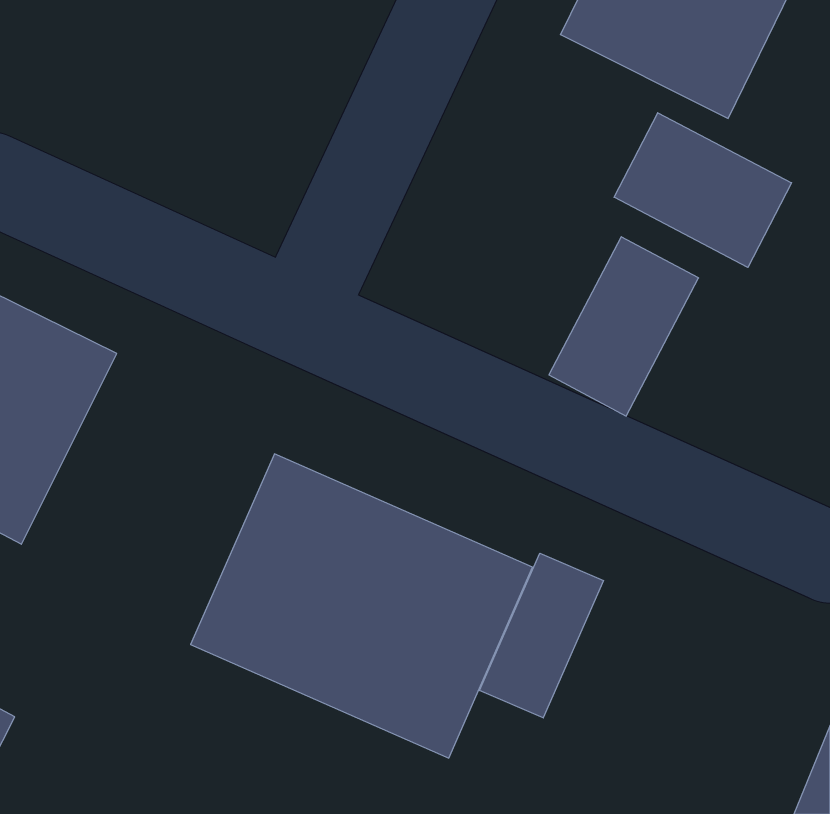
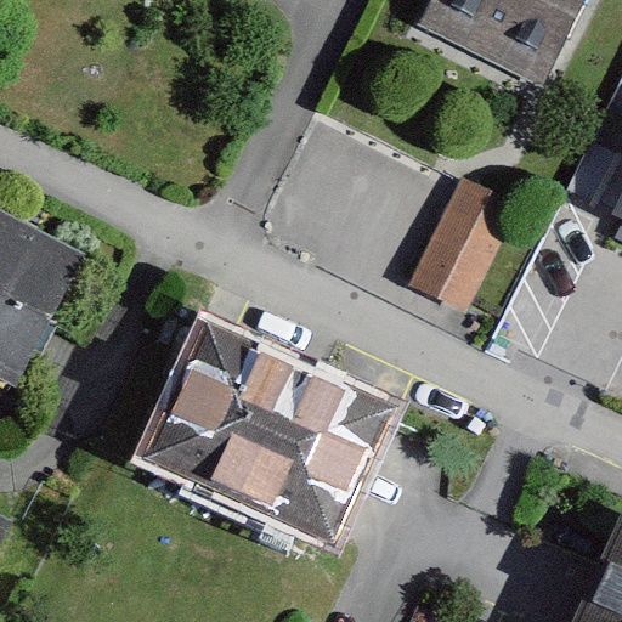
building: [614,113,792,267] -> none
building: [480,553,604,718] -> none

